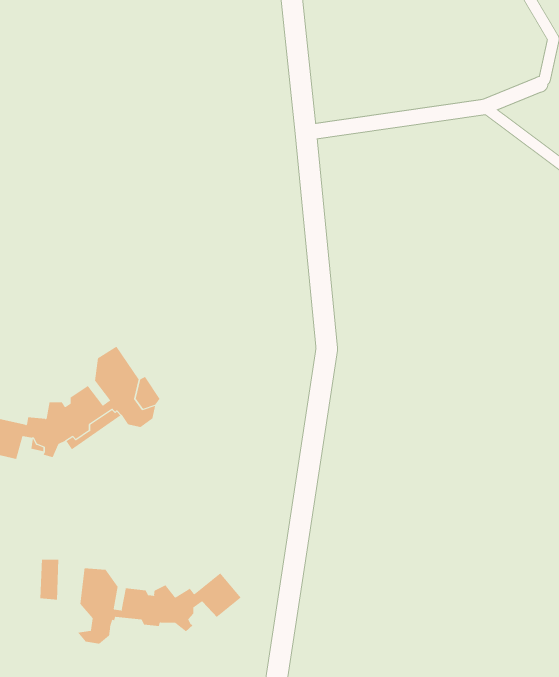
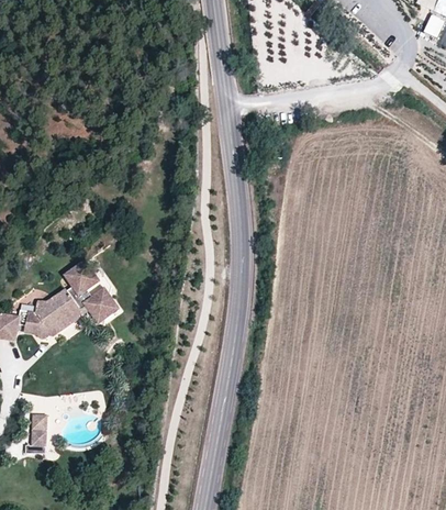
building: [77,568,241,644] -> none

